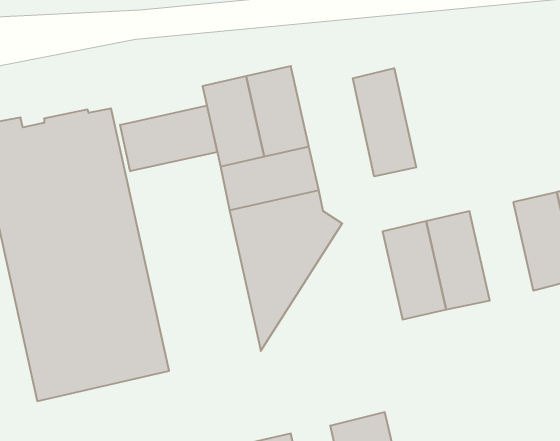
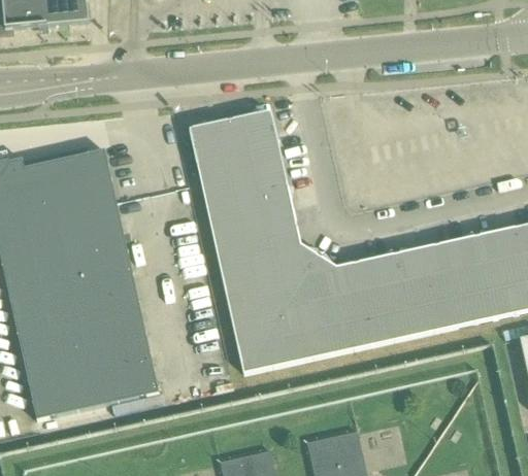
building: [353,68,416,176] -> none
building: [120,106,217,171] -> none
building: none -> [435,235,494,326]
building: none -> [242,254,373,372]

